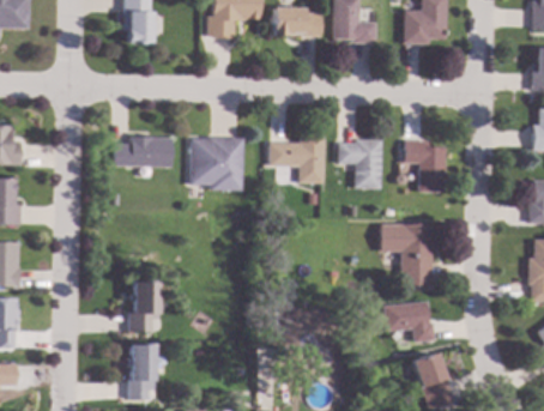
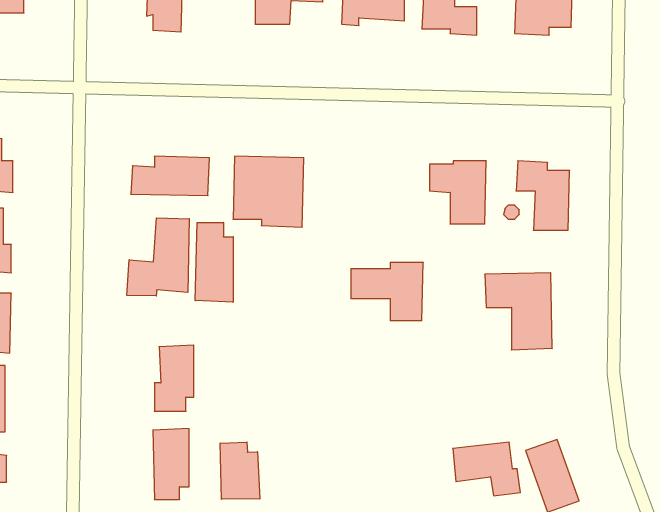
building: [270,139,325,183] -> [351,262,423,321]
building: none -> [127,218,189,296]
building: none -> [195,222,233,302]
building: [385,301,436,342] -> [453,442,520,496]
building: none -> [220,442,260,499]

